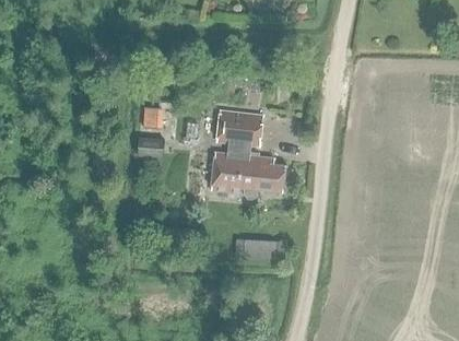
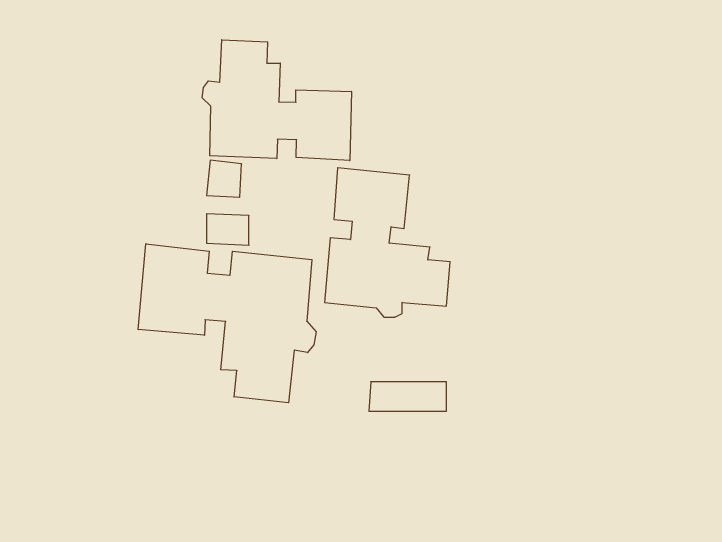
building: none -> [202,40,351,161]
building: none -> [138,244,316,403]

